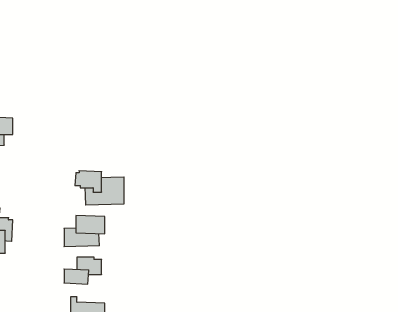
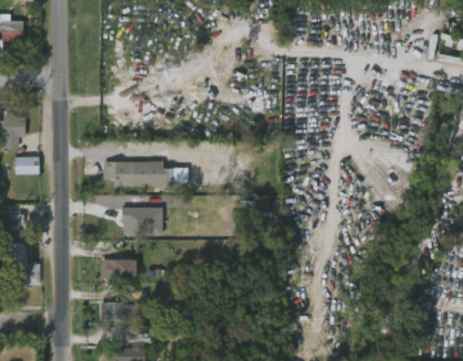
building: none -> [98,166,183,191]

